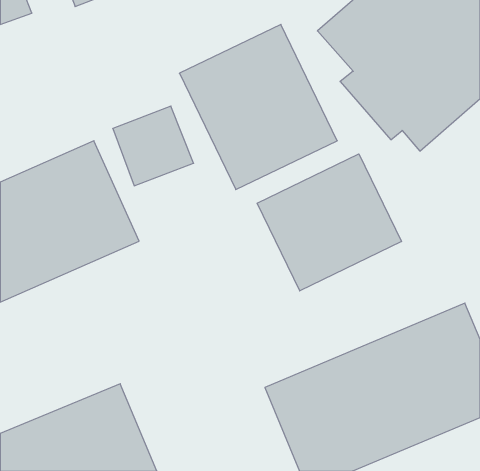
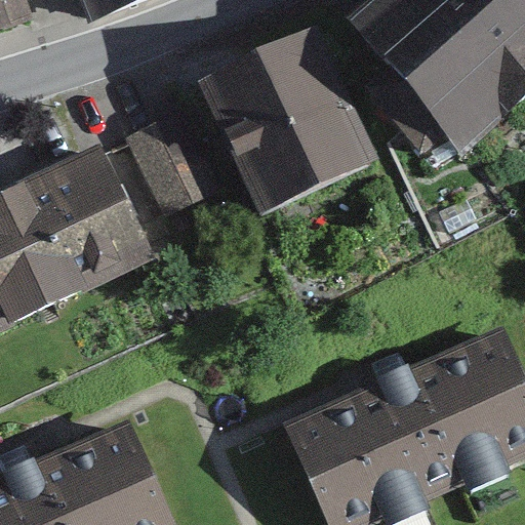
building: [257,154,401,291] -> none

